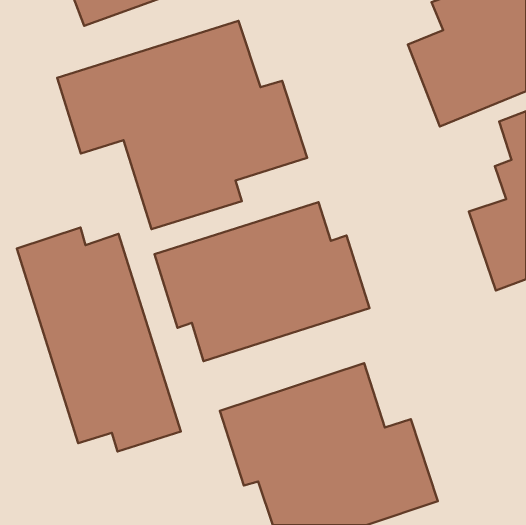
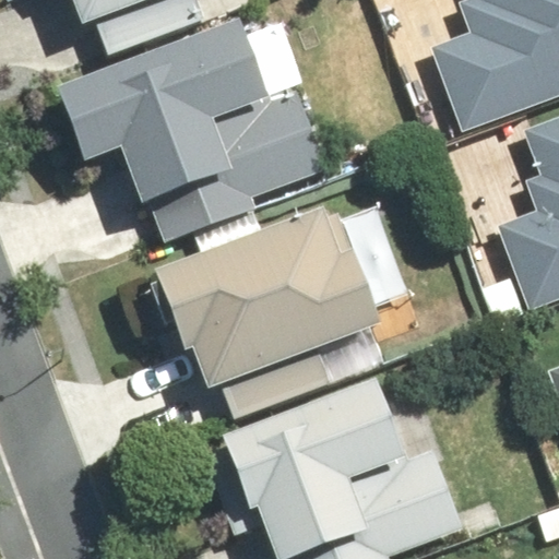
building: [17,228,181,452] -> none

